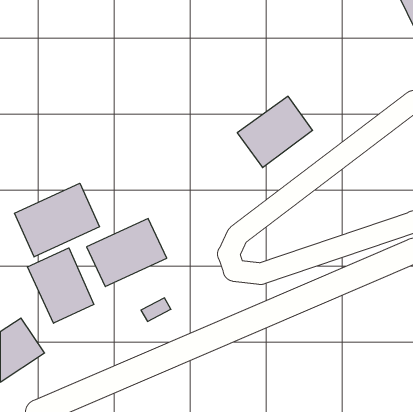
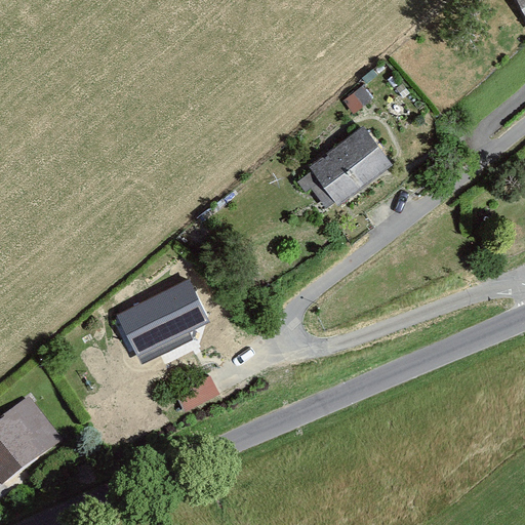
building: [14,183,99,257] -> none
building: [27,248,94,323] -> none

